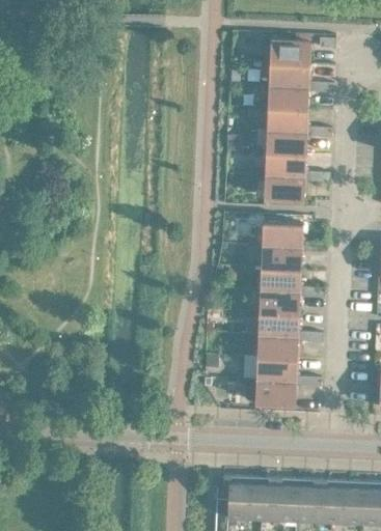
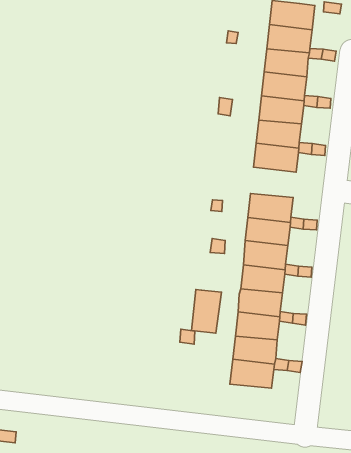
building: none -> [191,289,221,333]

